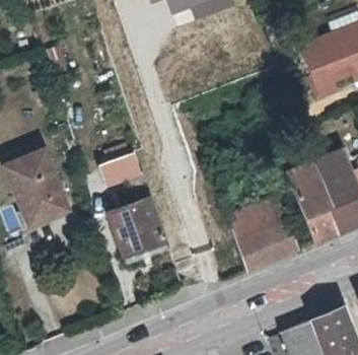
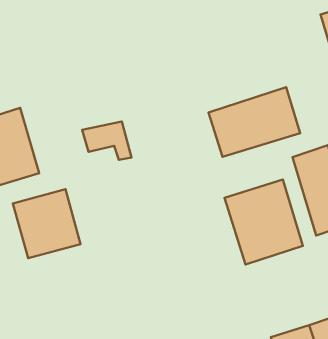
building: none -> [208,87,300,157]
building: [108,196,170,260] -> [13,189,81,258]

